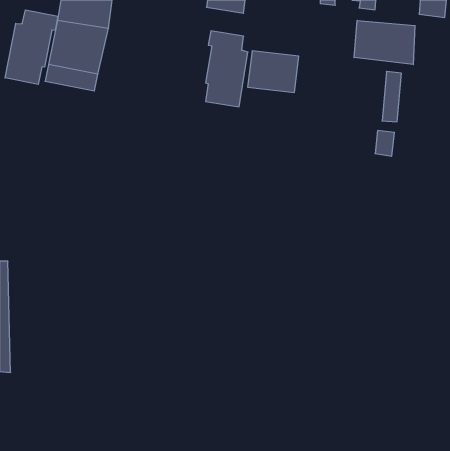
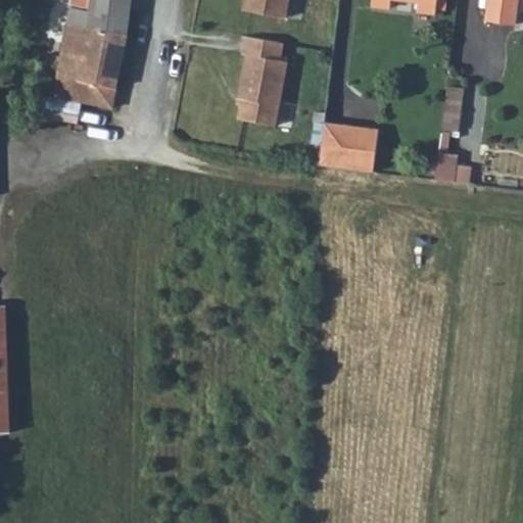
building: [5,10,58,84] -> none
building: [354,20,415,65] -> none
building: [248,51,299,92] -> [318,122,377,170]

